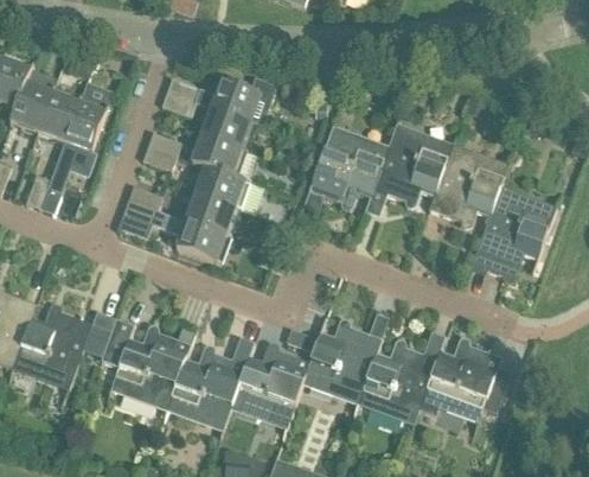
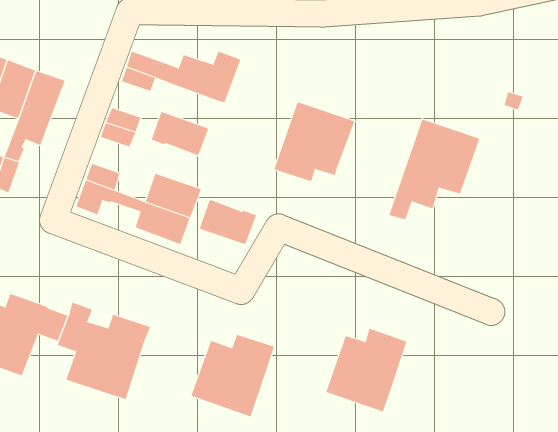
building: [200,109,256,152] -> none
building: [370,122,450,202] -> none
building: [194,166,250,210] -> [199,199,257,245]
building: [475,185,553,278] -> none
building: [301,324,382,405] -> none
building: [421,342,501,422] -> none
building: [167,350,245,431] -> none

